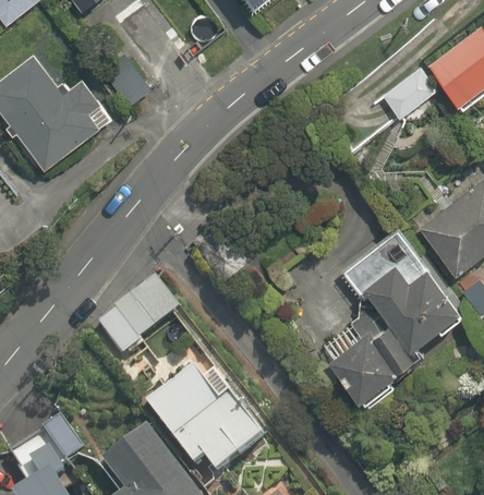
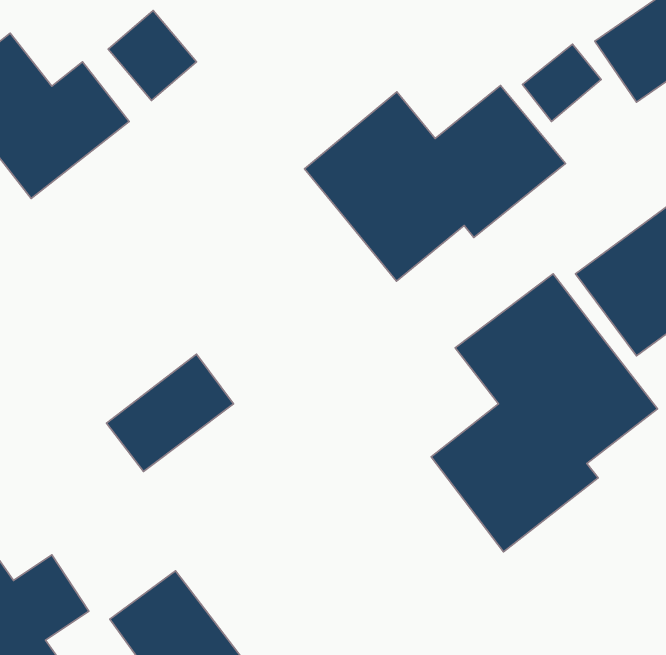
building: none -> [305,86,565,281]
building: [142,362,264,472] -> none

